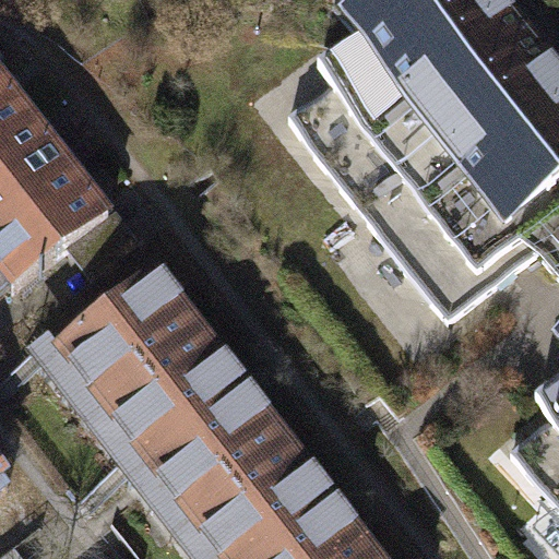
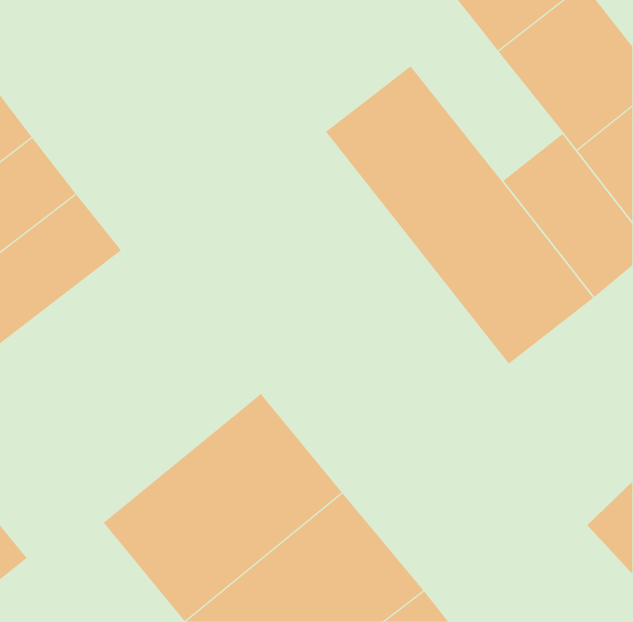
building: [357,15,489,157] -> none
building: [19,257,227,454] -> none

